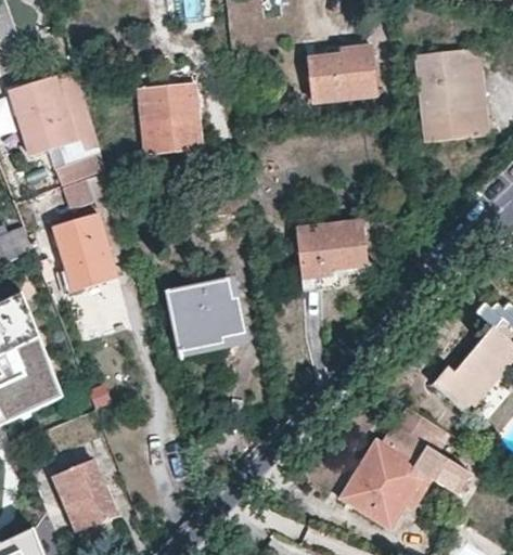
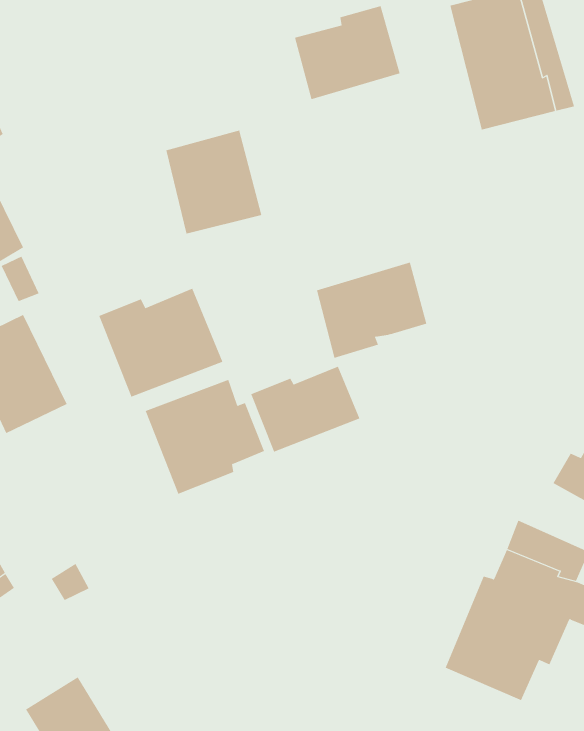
building: [140,87,197,151] -> [165,130,262,234]
building: none -> [99,288,223,398]
building: none -> [250,366,360,453]

